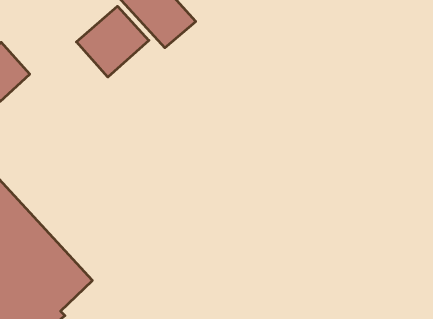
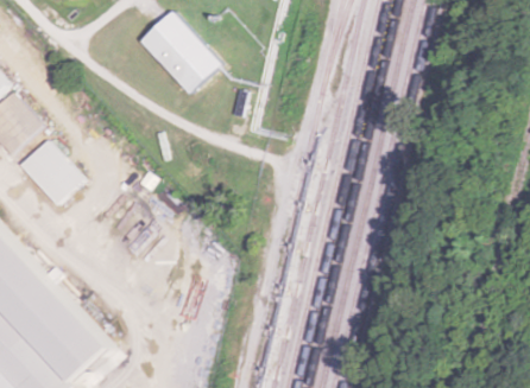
building: [76,6,149,77] -> none
building: none -> [19,139,82,202]

